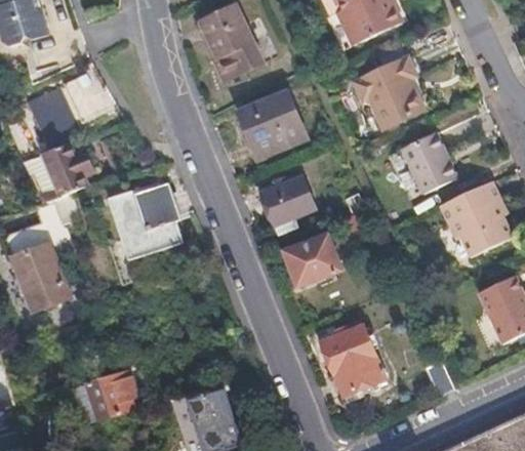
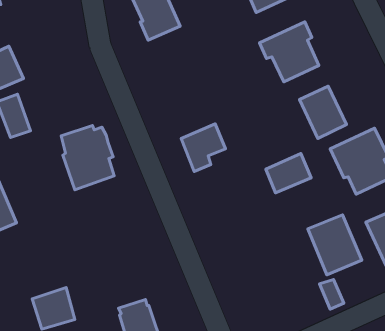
building: [240,93,304,156] -> none
building: [286,238,339,284] -> [266,154,311,193]
building: [321,325,385,396] -> [308,215,362,275]

